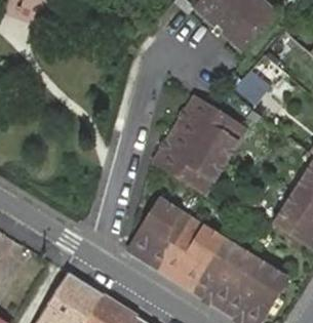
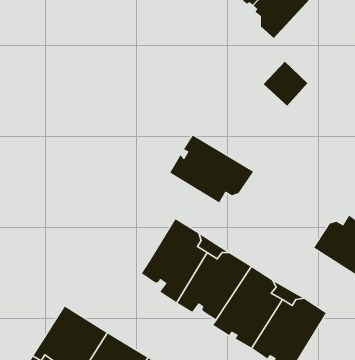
building: [174,97,237,161] -> none

